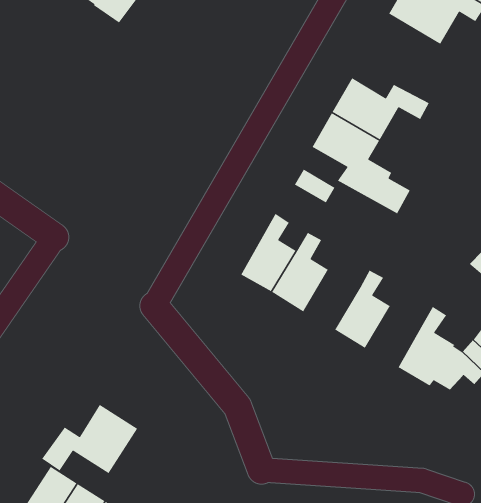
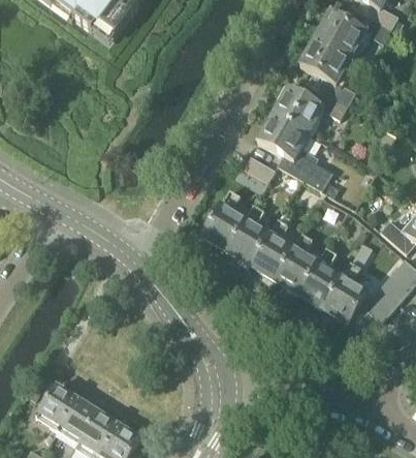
building: none -> [298,35,355,103]
building: none -> [250,217,293,278]
building: none -> [297,246,341,307]
building: [41,404,138,474] -> none

